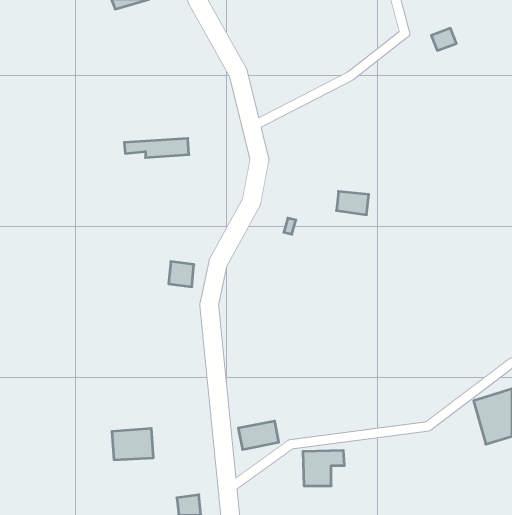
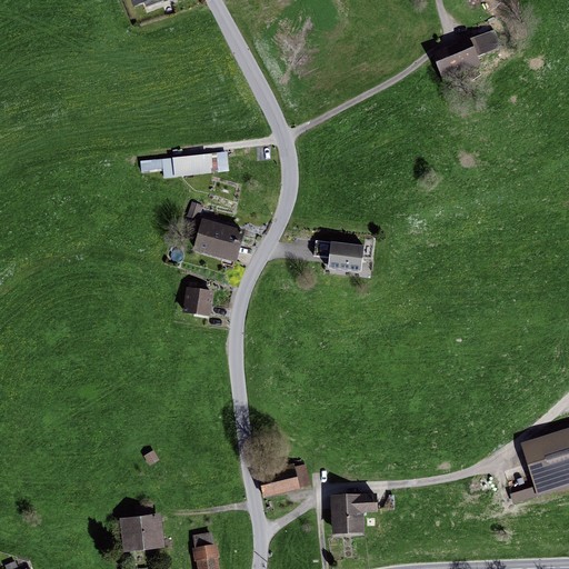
building: none -> [440,40,482,74]
building: [336,191,369,215] -> [331,244,367,270]
building: none -> [196,222,244,260]
building: [112,428,153,460] -> [119,516,164,550]

